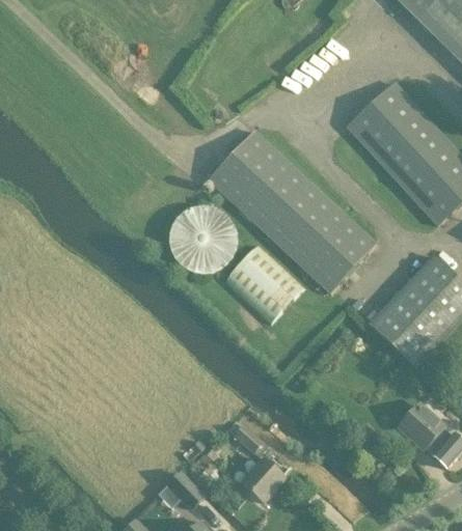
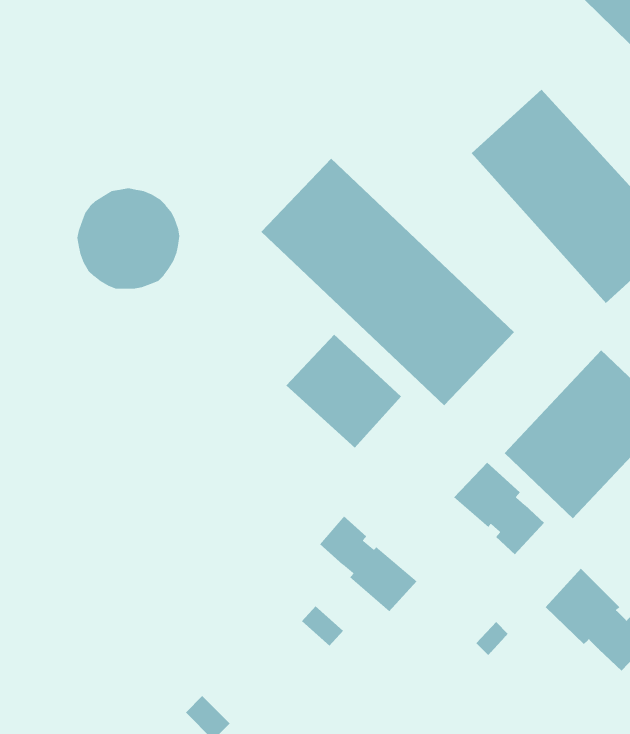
building: [168,205,237,273] -> [77,187,180,290]
building: none -> [453,462,545,555]
building: none -> [319,516,417,612]
building: [242,457,287,502] -> none

